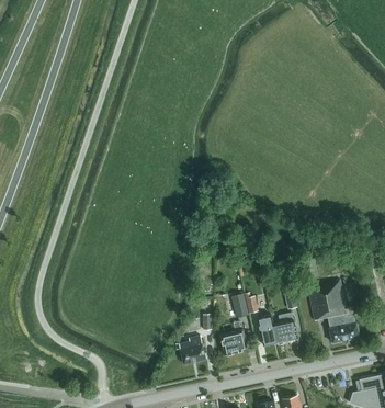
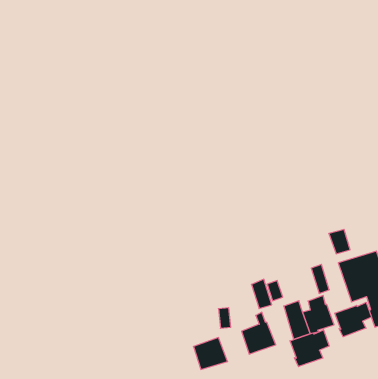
building: none -> [335,302,371,337]
building: none -> [290,330,329,367]

